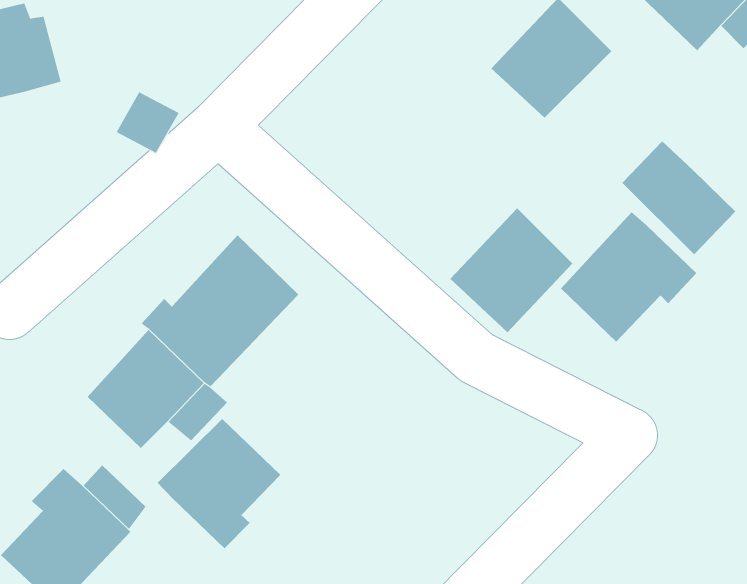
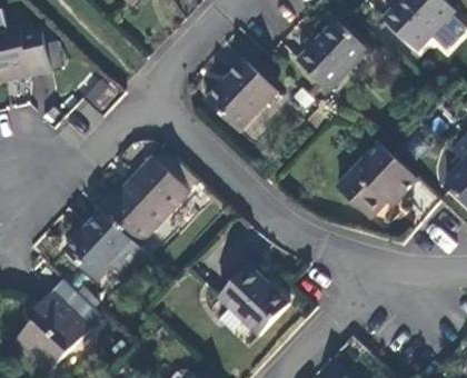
building: [622,141,736,255] -> none
building: [450,208,573,333] -> [206,59,277,131]
building: [157,418,281,549] -> none
building: none -> [219,265,289,335]

